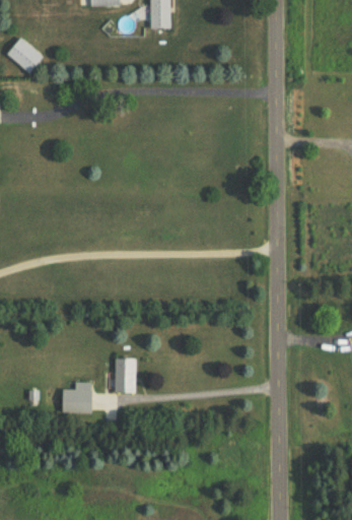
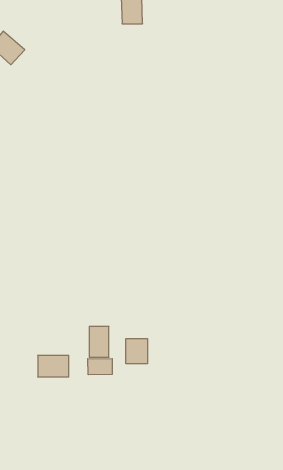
building: none -> [126,339,147,364]
building: none -> [88,359,112,375]

